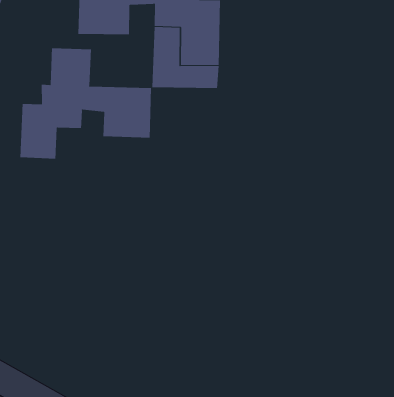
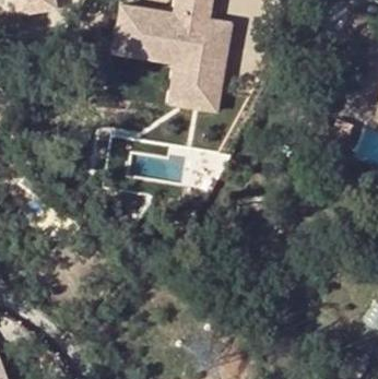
building: [20,47,151,159] -> none

